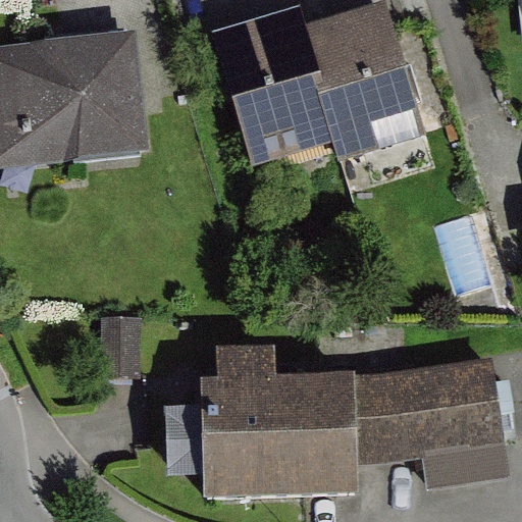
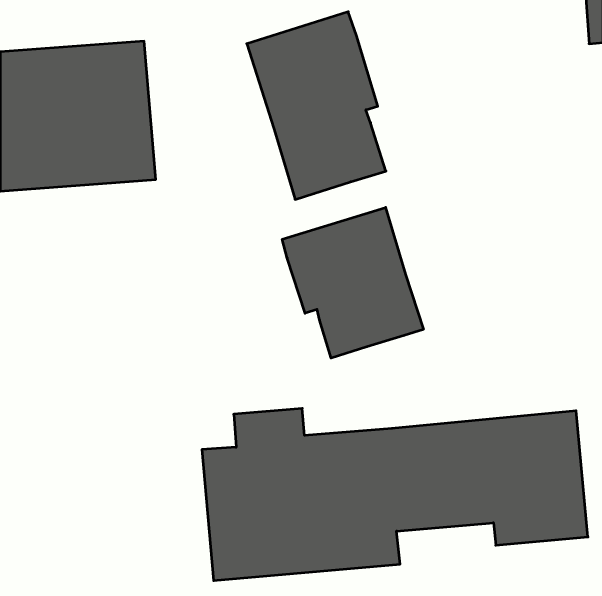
building: [309,6,428,166] -> none
building: none -> [282,207,423,358]

